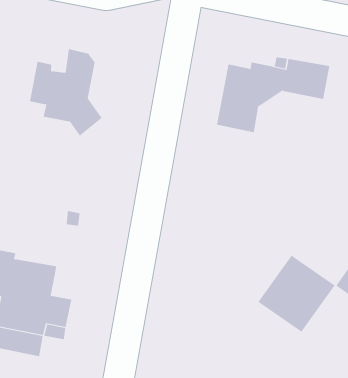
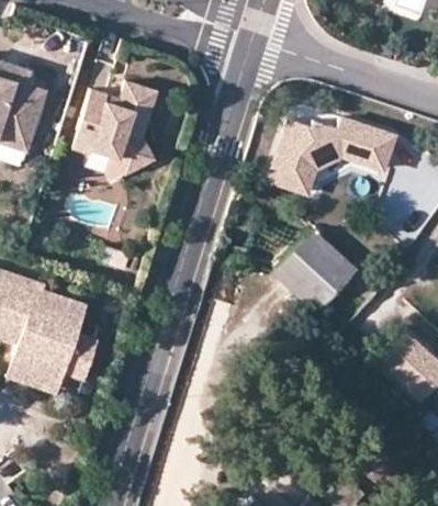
building: [258,255,335,332] -> [276,229,358,311]

